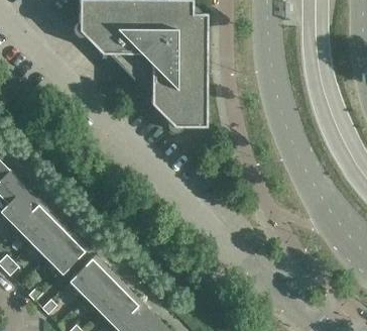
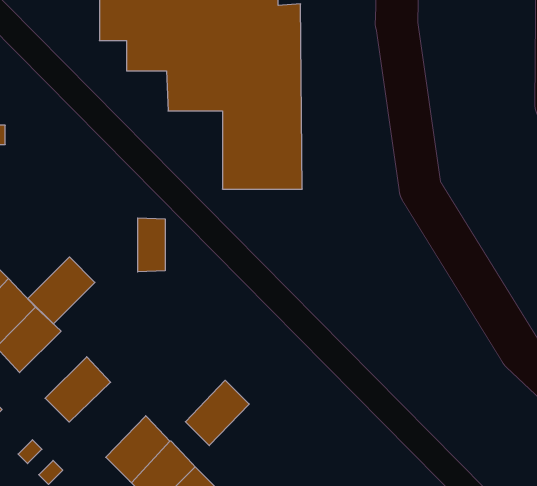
building: none -> [138,218,165,272]
building: [29,217,72,259] -> [28,257,95,324]
building: [69,255,109,297] -> [185,380,249,446]

